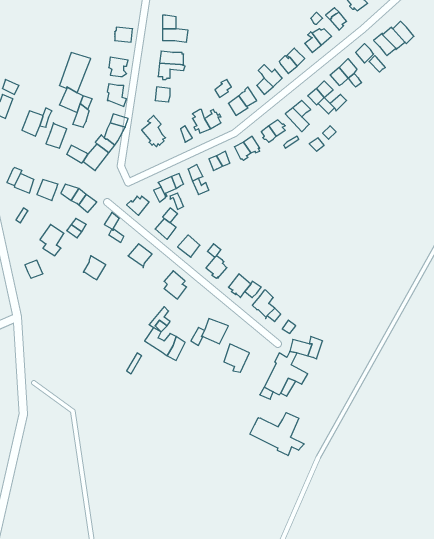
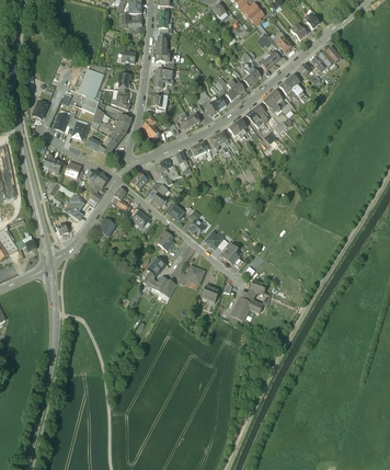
building: [250,413,304,456] -> none

